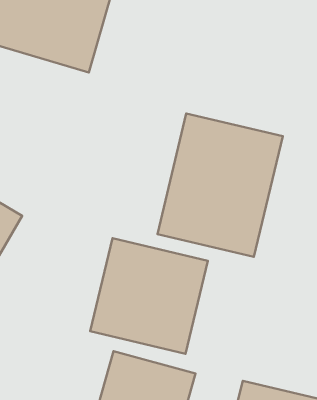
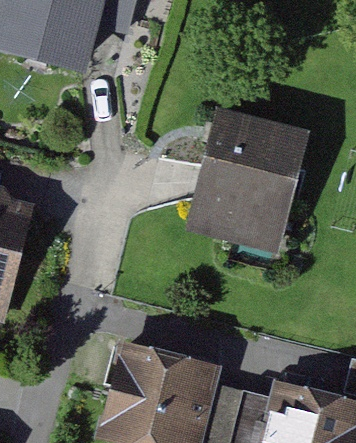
building: [90,238,208,354] -> none

